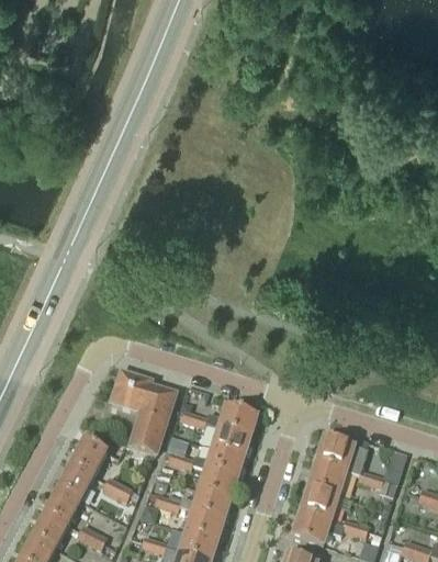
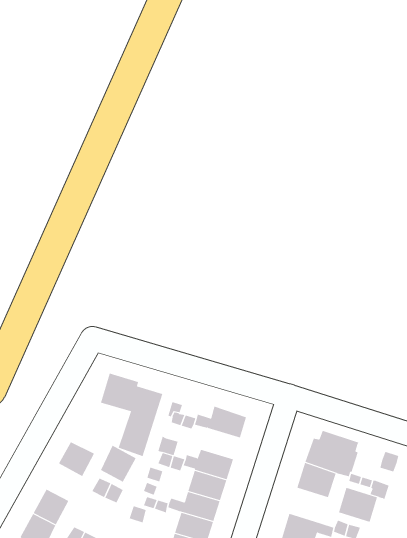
building: [211,428,250,459] -> none
building: [57,463,93,501] -> [100,445,136,482]
building: [299,487,338,522] -> [338,487,378,523]

